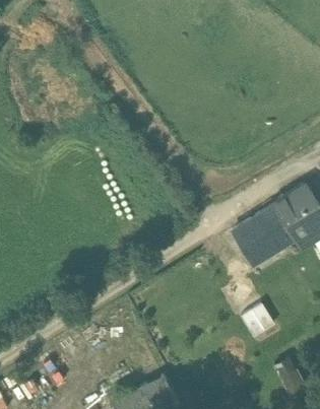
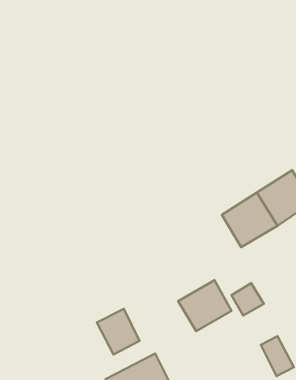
building: none -> [178,280,231,331]
building: none -> [97,309,140,354]

